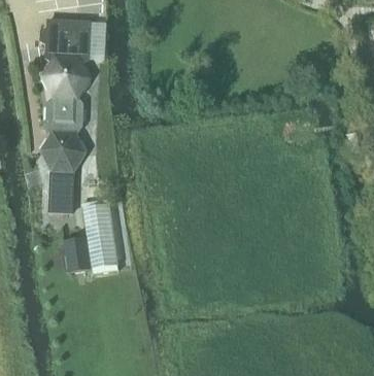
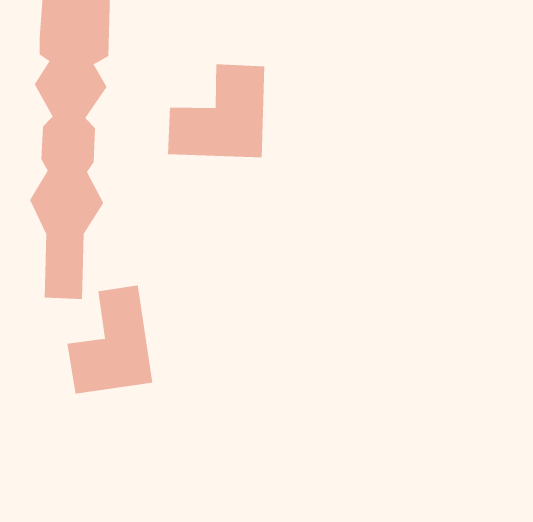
building: none -> [167,63,265,158]

